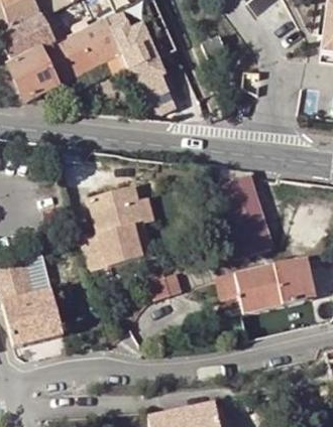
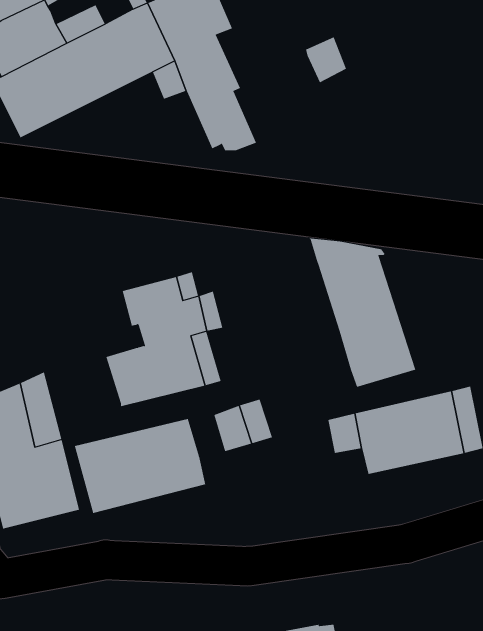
building: none -> [74,418,206,514]

